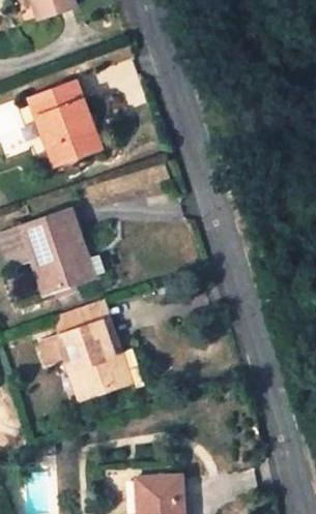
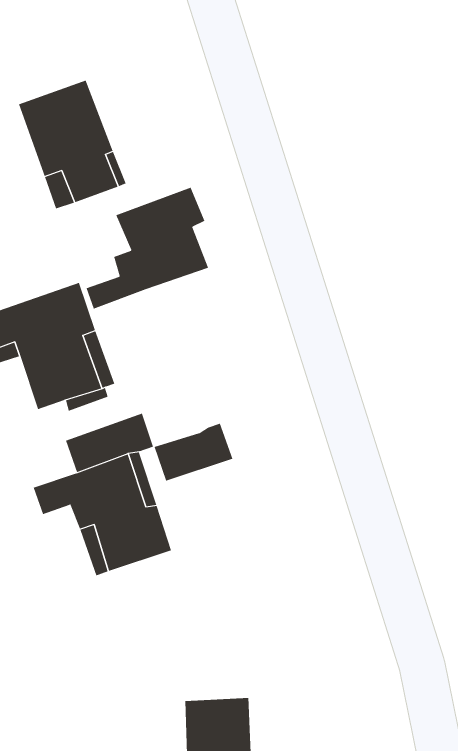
building: none -> [86,187,209,309]
building: none -> [154,423,233,481]

